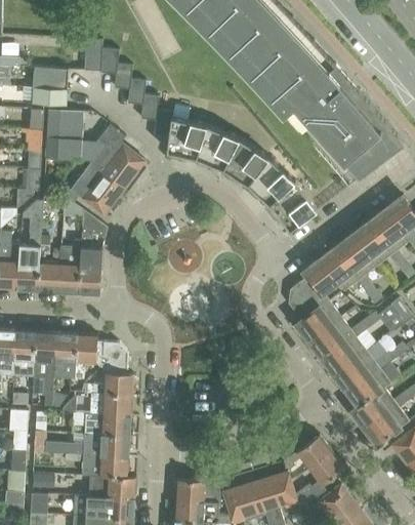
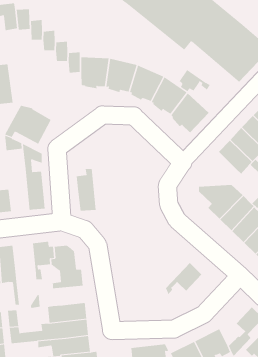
building: [90,124,146,188] -> none
building: none -> [179,69,210,92]
building: [59,241,83,293] -> [76,169,97,211]
building: [290,258,338,300] -> none
building: [52,332,78,378] -> none
building: [90,393,132,415] -> none
building: [285,435,332,471] -> [165,262,202,295]

